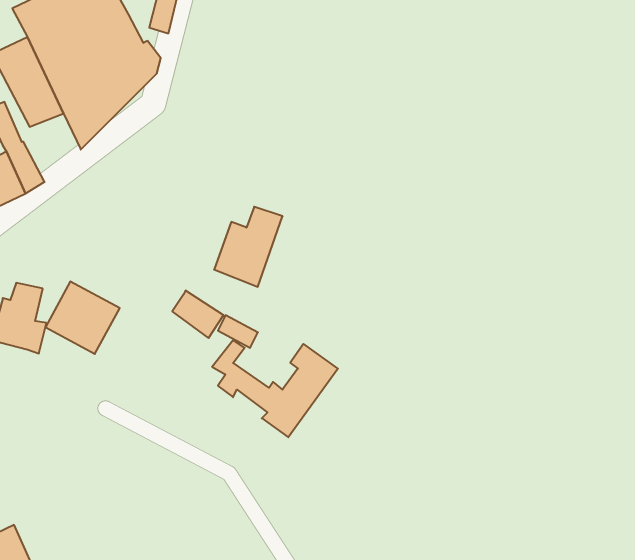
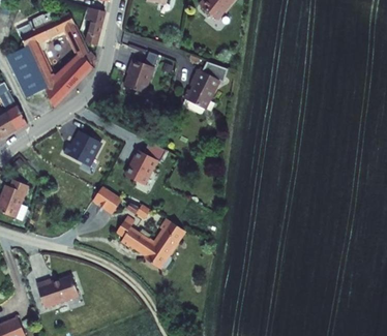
building: none -> [128,60,158,93]
building: none -> [187,62,231,110]
building: [45,281,120,354] -> [59,127,99,166]
building: none -> [29,271,75,305]

